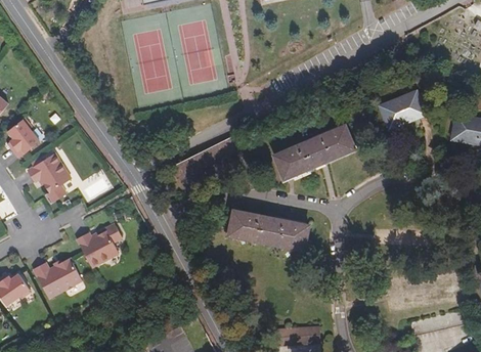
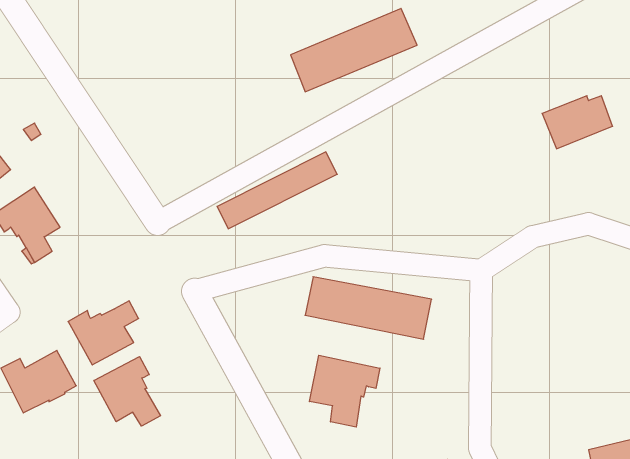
building: [273,125,354,178] -> [291,8,417,92]
building: none -> [309,355,380,427]
building: none -> [94,357,161,426]

